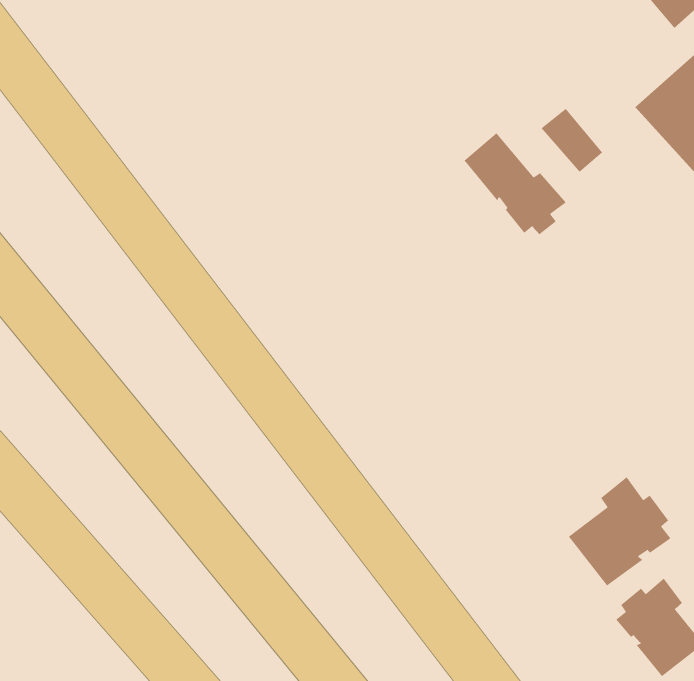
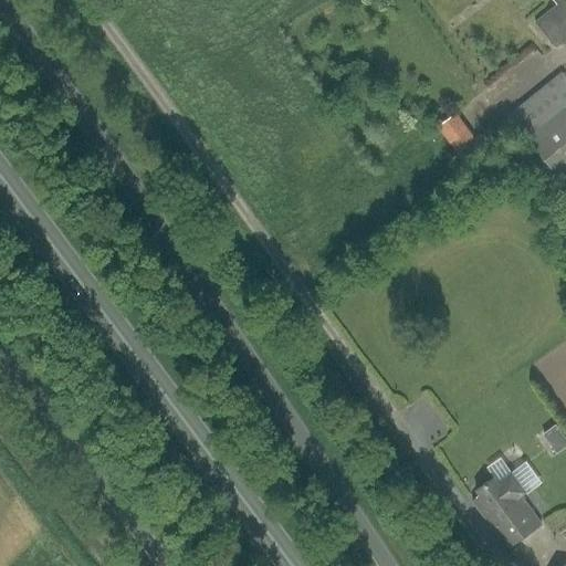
building: [463,132,567,235] -> none
building: [568,476,671,587] -> none

